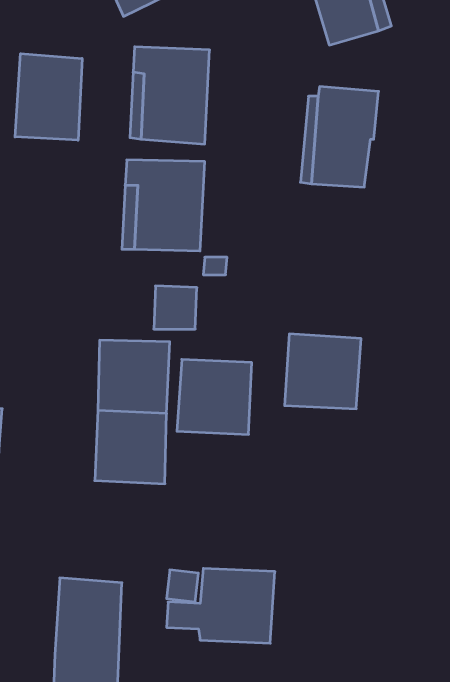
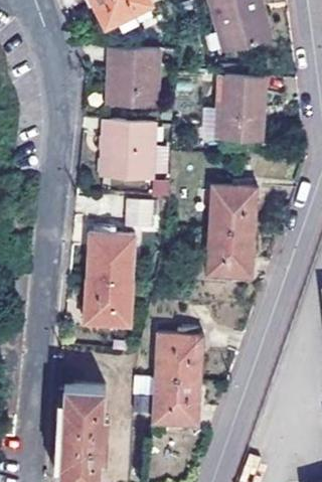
building: [15,54,82,140] -> none
building: none -> [208,185,257,233]
building: [177,359,252,434] -> [154,333,201,380]

